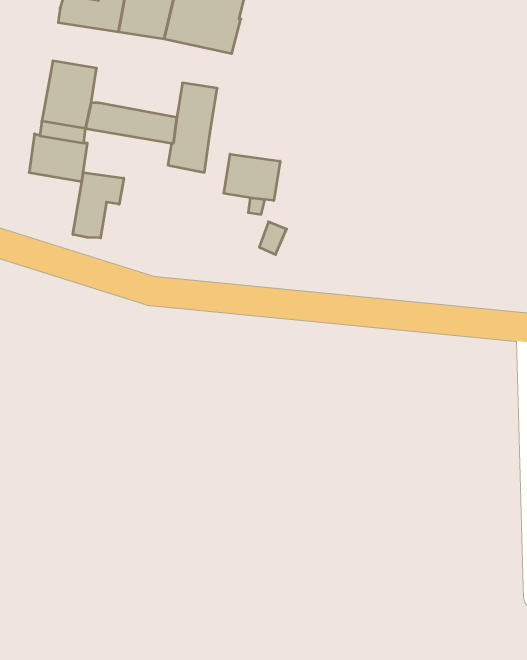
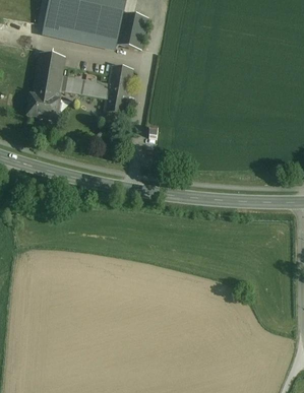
building: [224,154,280,201] -> none
building: [73,172,124,238] -> none

